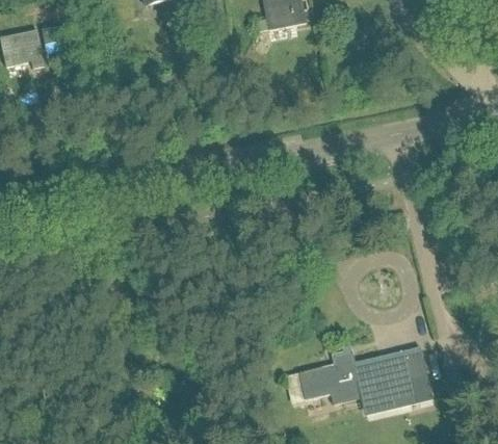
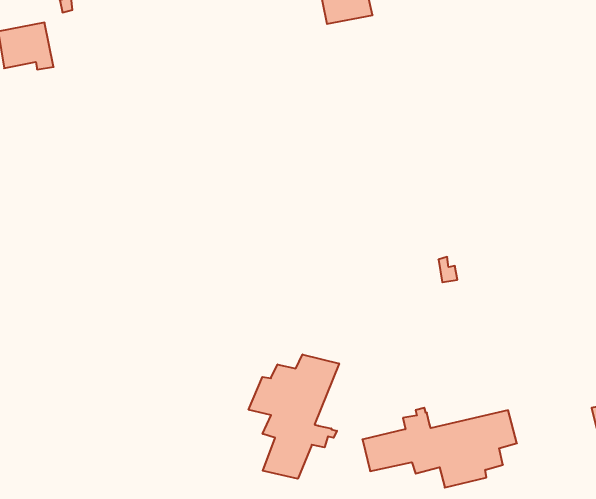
building: none -> [249,354,339,479]

